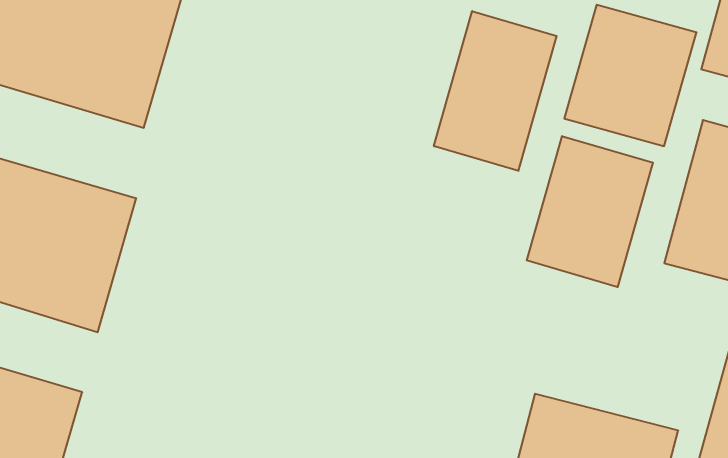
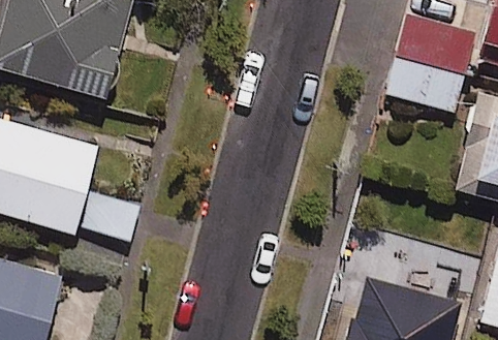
building: [434,11,557,171] -> none
building: [527,136,653,287] -> none

